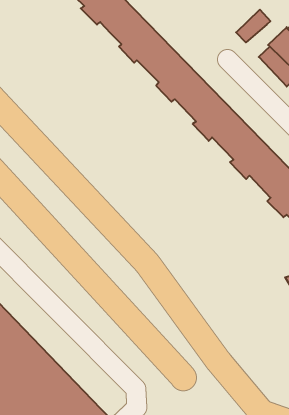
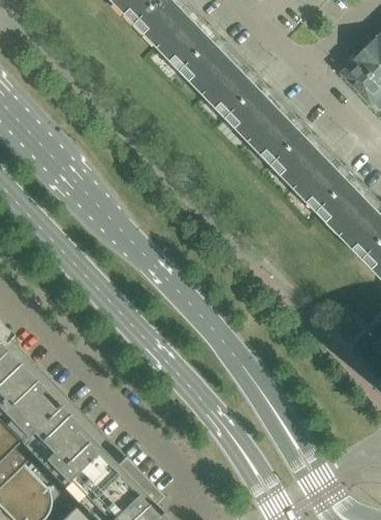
building: [236,10,270,42] -> none

